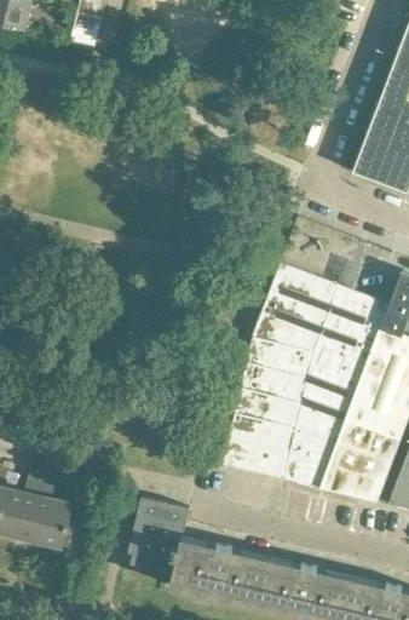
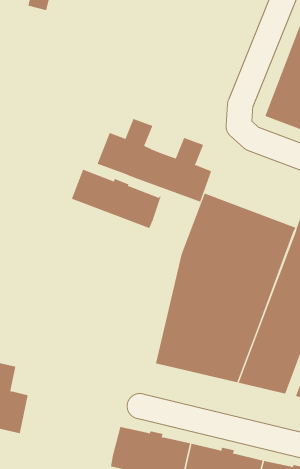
building: none -> [97,118,212,202]
building: none -> [71,169,161,229]
building: [128,496,189,574] -> none

